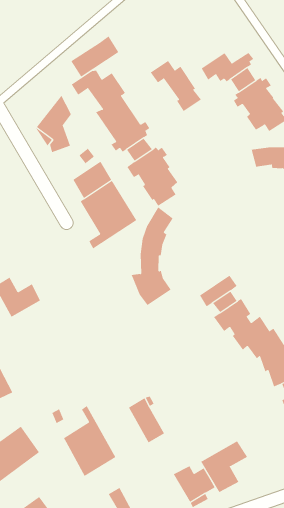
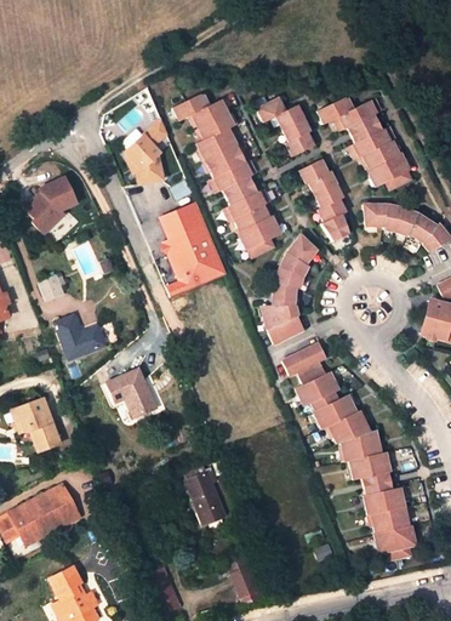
building: [71,35,119,78] -> none
building: none -> [302,159,350,243]
building: [131,207,173,306] -> [262,238,319,348]
building: none -> [107,369,154,417]
building: [63,405,116,477] -> none
building: [201,440,248,493] -> none

